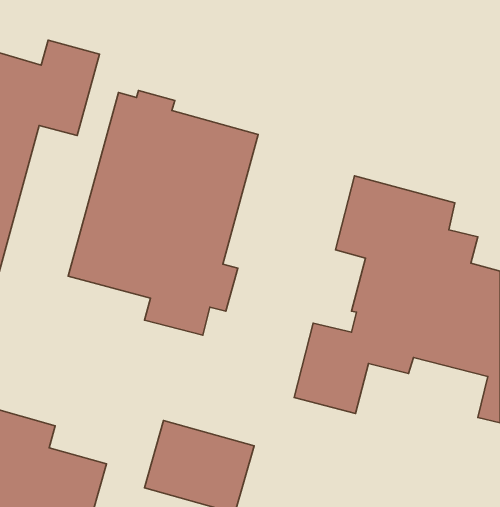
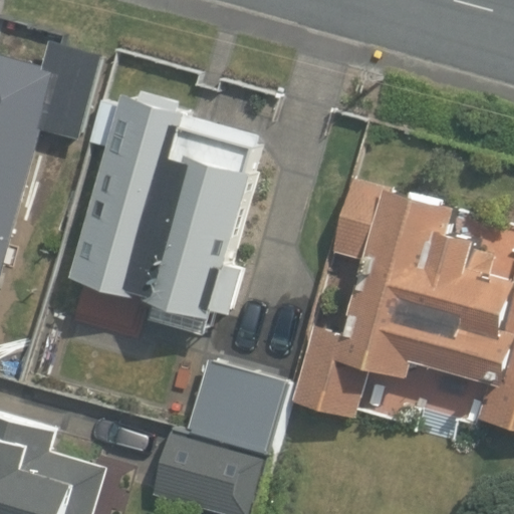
building: none -> [182,354,283,448]

